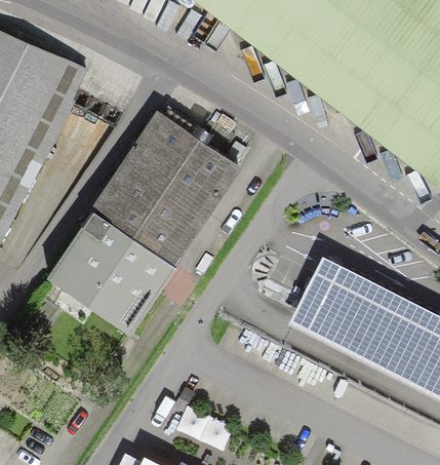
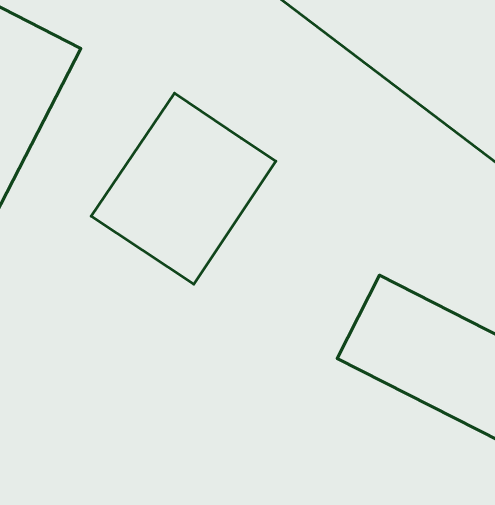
building: [46,208,176,332] -> none

